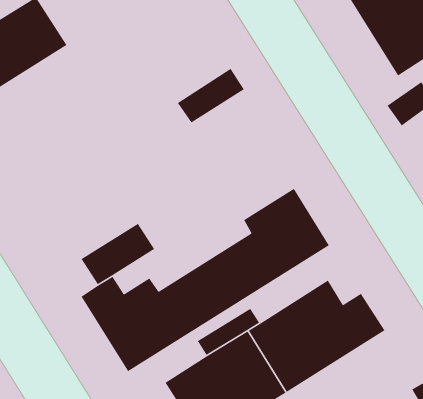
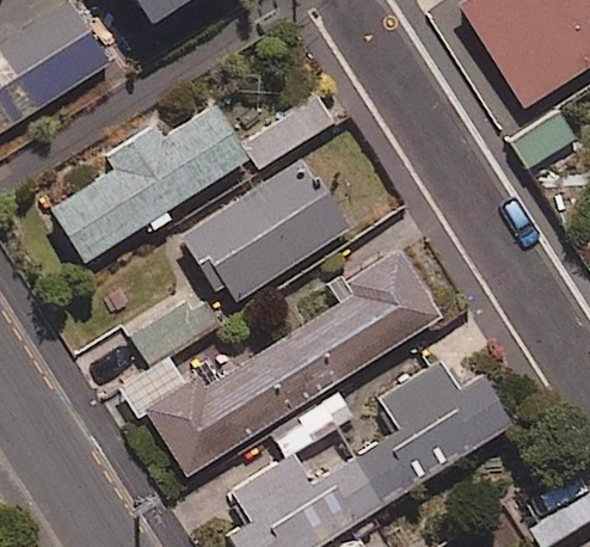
building: none -> [50,105,247,262]
building: none -> [188,160,348,303]

